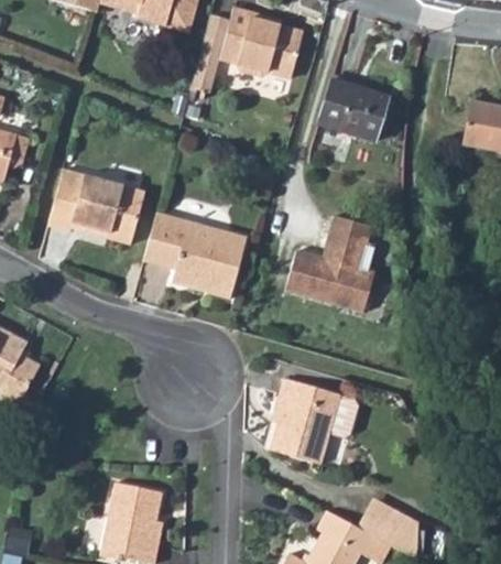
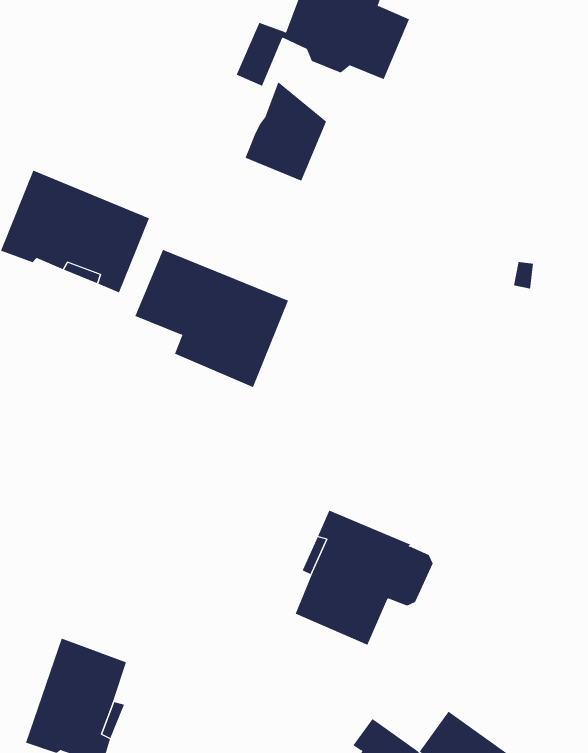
building: [320,75,391,141] -> none
building: none -> [245,81,327,181]
building: [279,213,369,310] -> none

